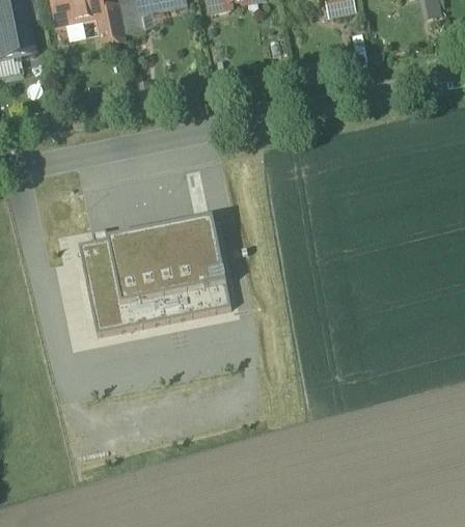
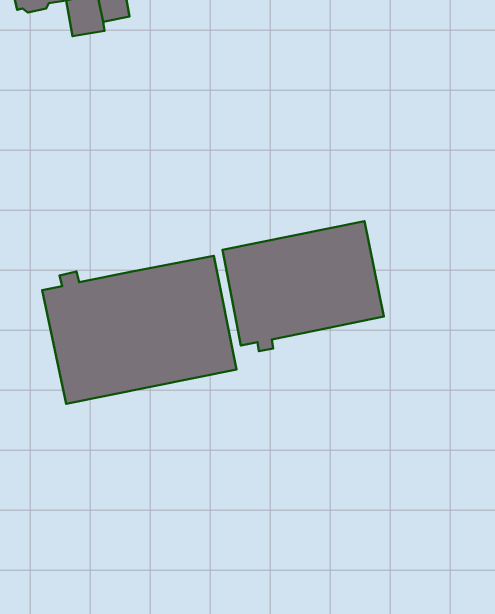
building: none -> [222,221,384,351]

